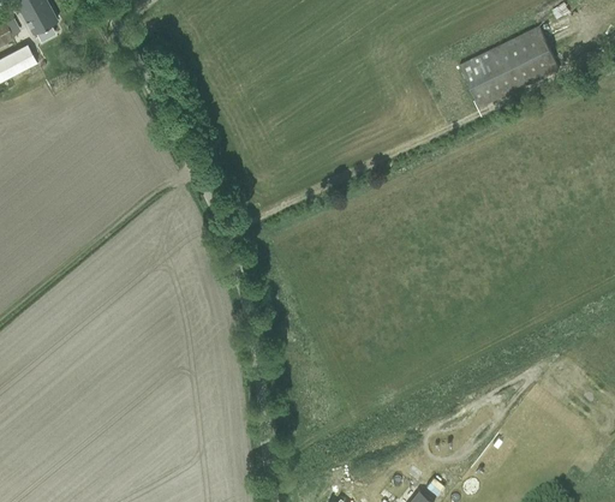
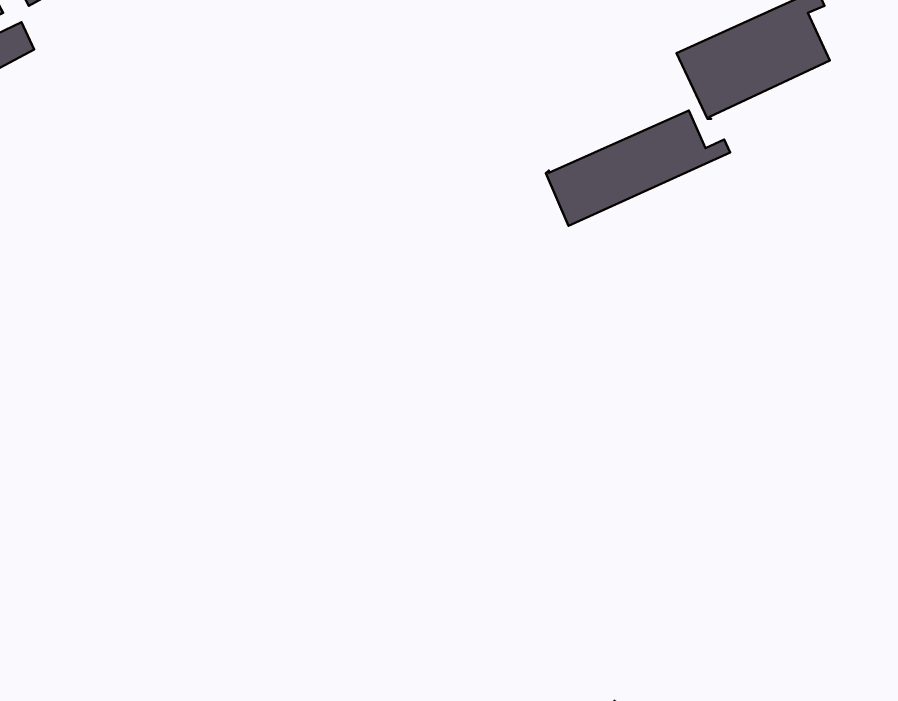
building: none -> [546,111,730,226]

